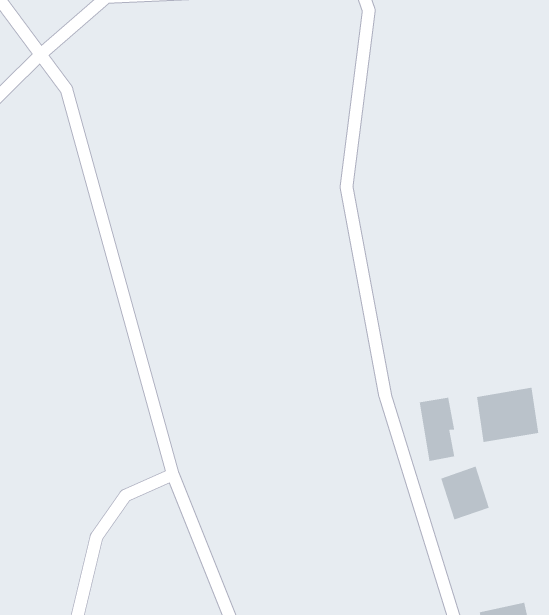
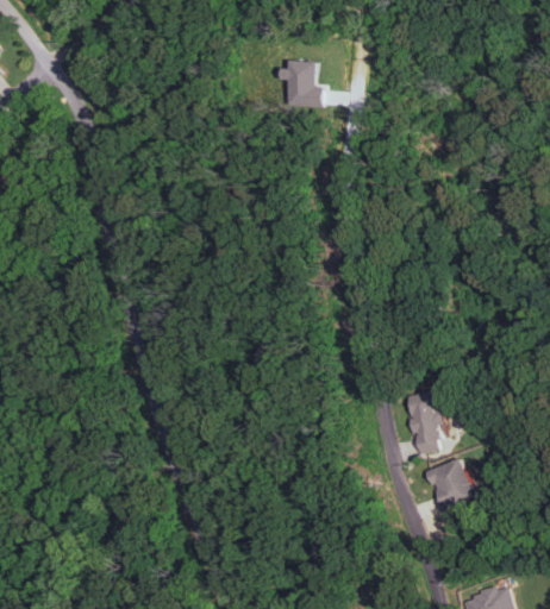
building: none -> [283,61,323,107]
building: [476,387,539,443] -> none

